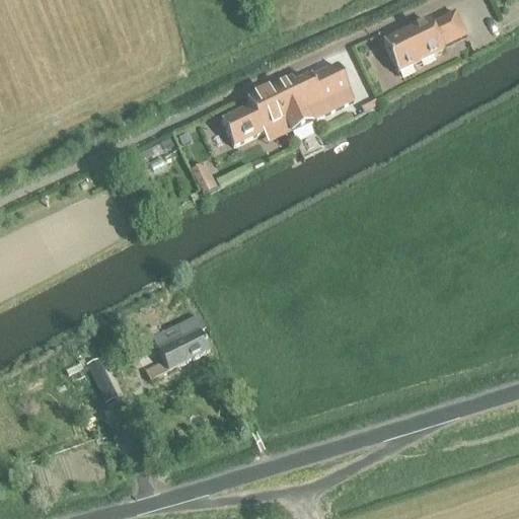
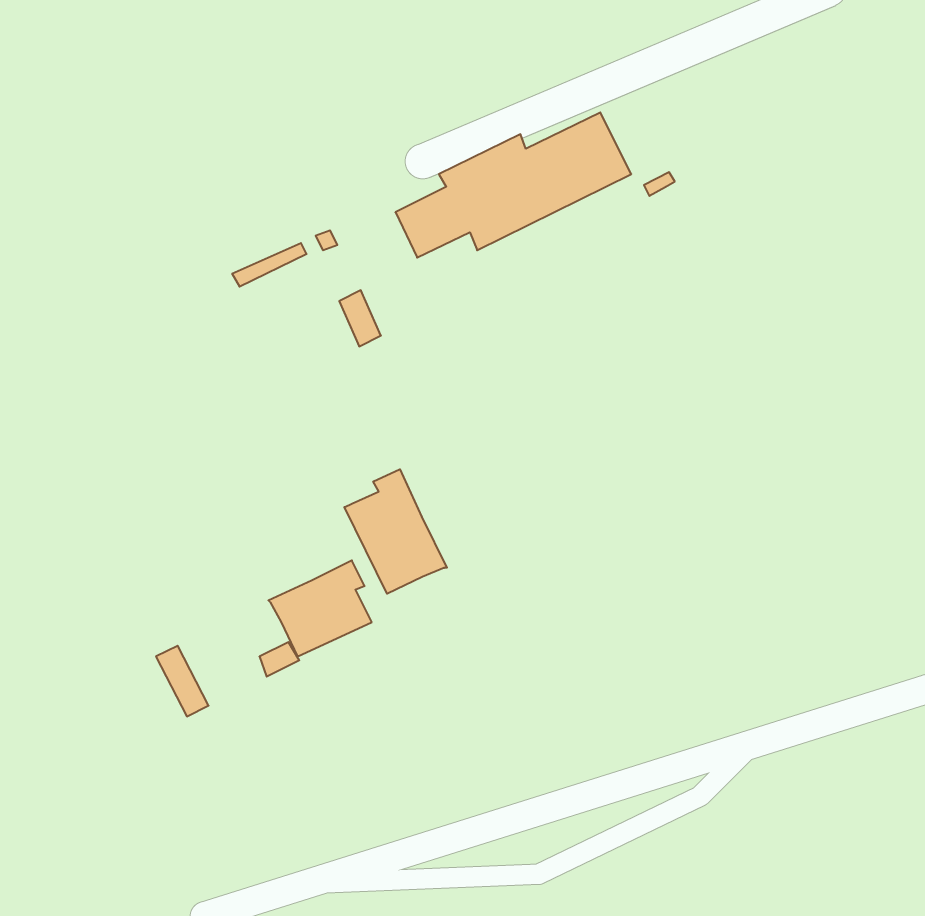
building: [382,9,466,70] -> none
building: none -> [344,469,447,594]

